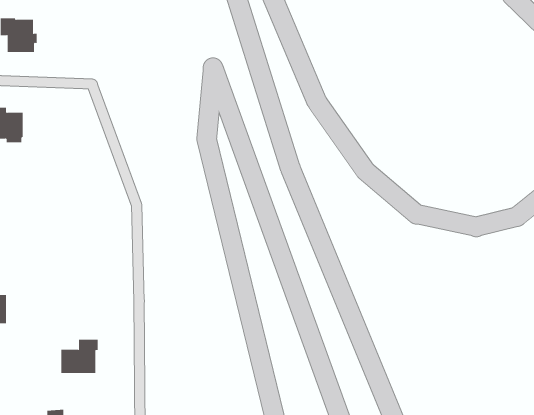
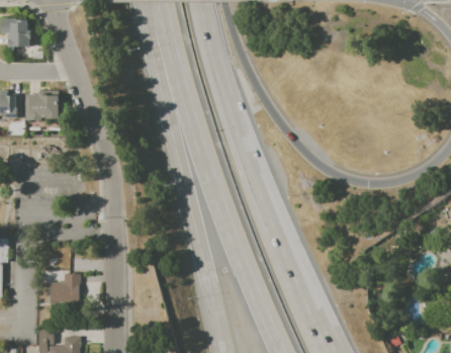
building: none -> [24,91,64,122]

